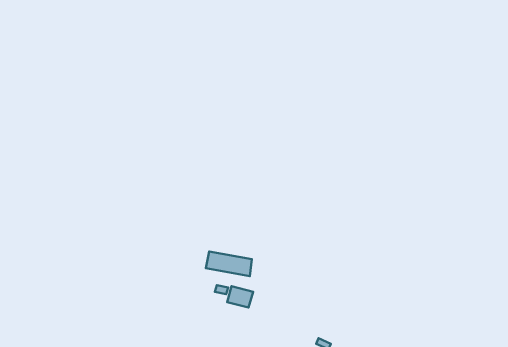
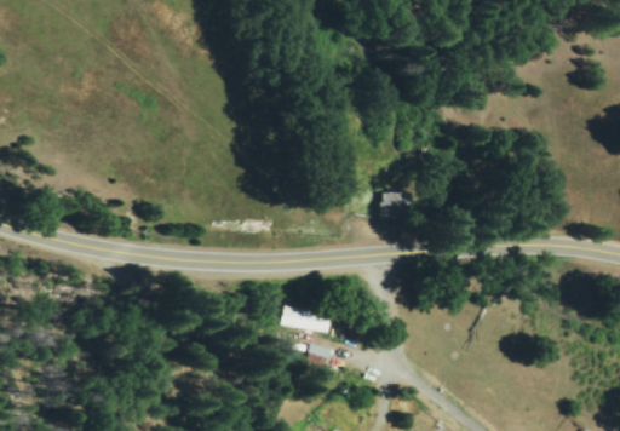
building: none -> [381,192,404,218]

